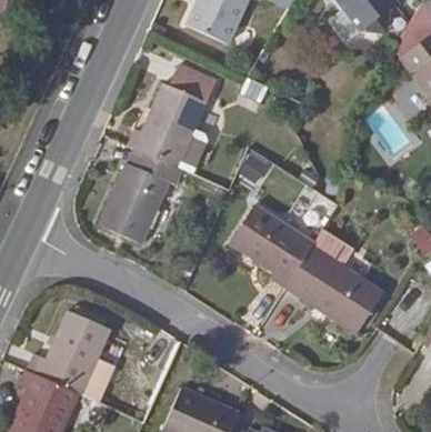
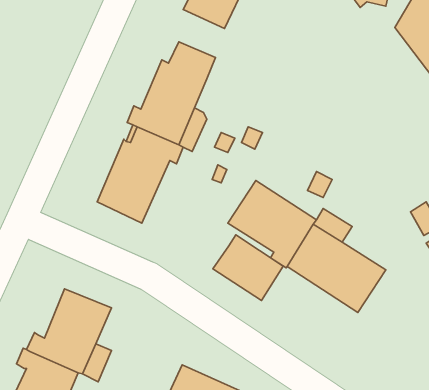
building: none -> [213,235,283,301]

